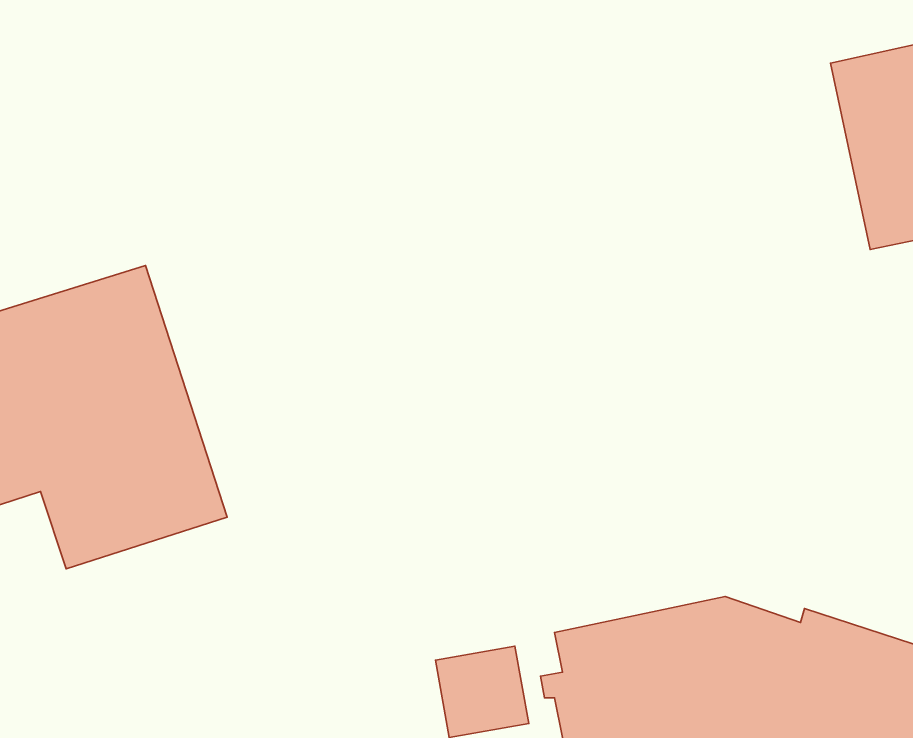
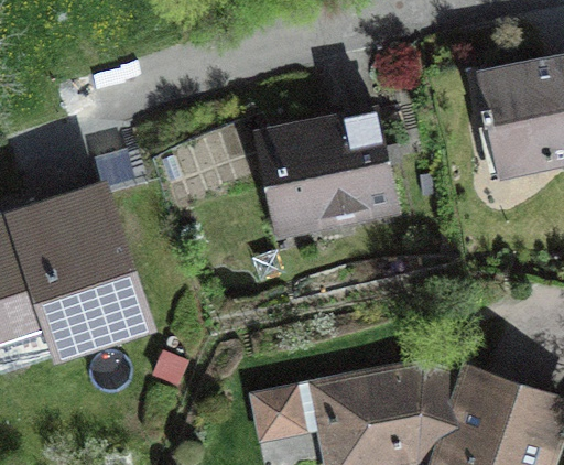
building: none -> [267,110,398,218]

